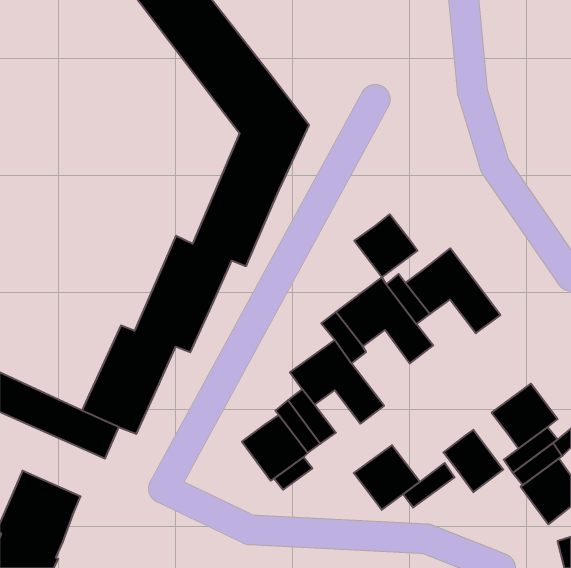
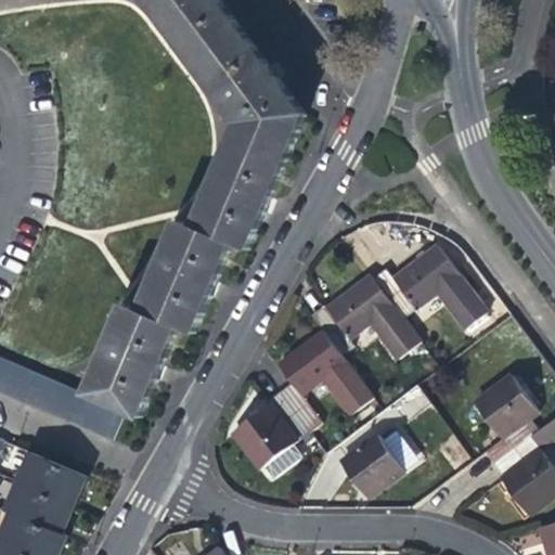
building: [354,214,417,277] -> none
building: [443,430,503,492] -> none

